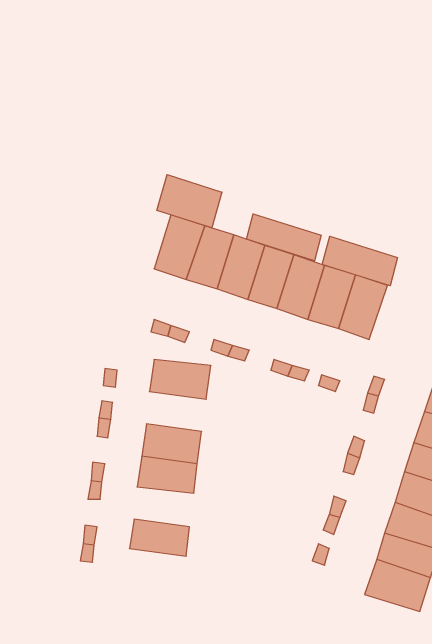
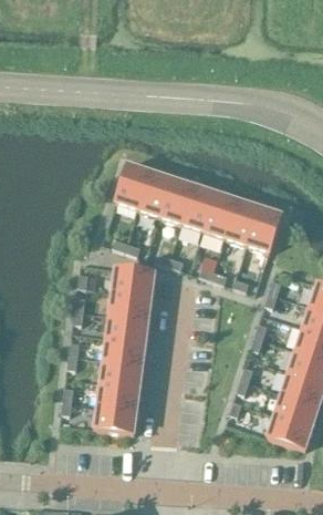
building: [157,175,222,228] -> none
building: [247,214,321,261] -> none
building: [322,236,398,286] -> none
building: none -> [108,288,152,317]
building: none -> [100,357,143,385]
building: none -> [93,401,137,432]

